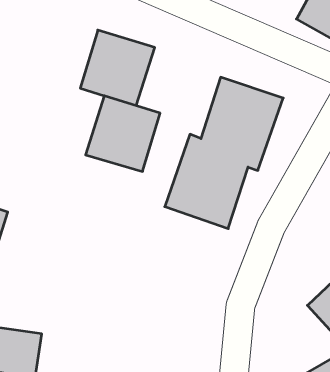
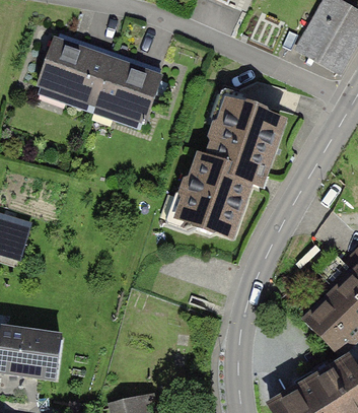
building: [86,96,160,171] -> [43,42,112,112]

